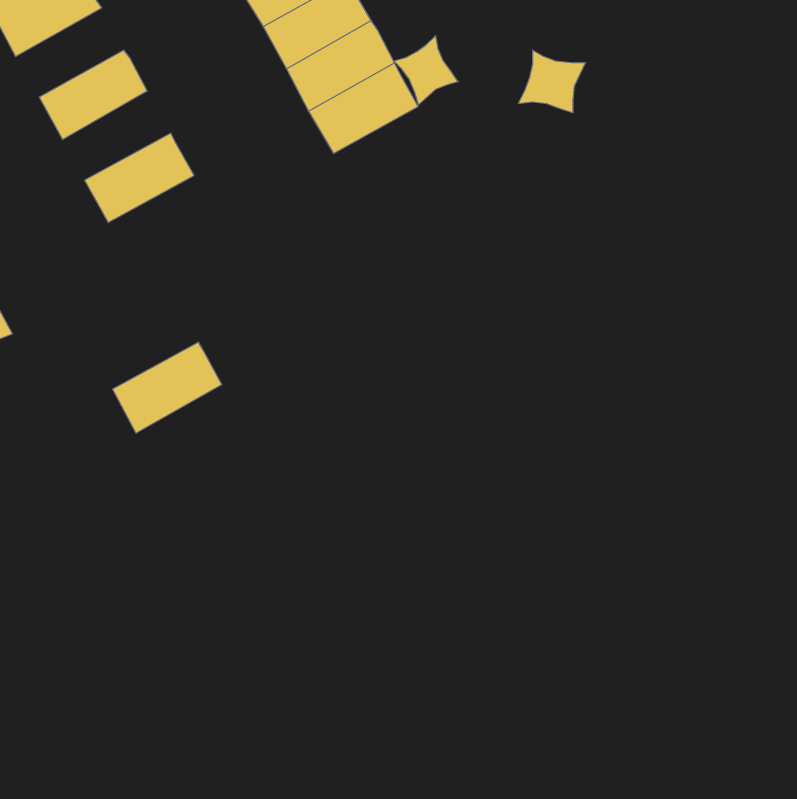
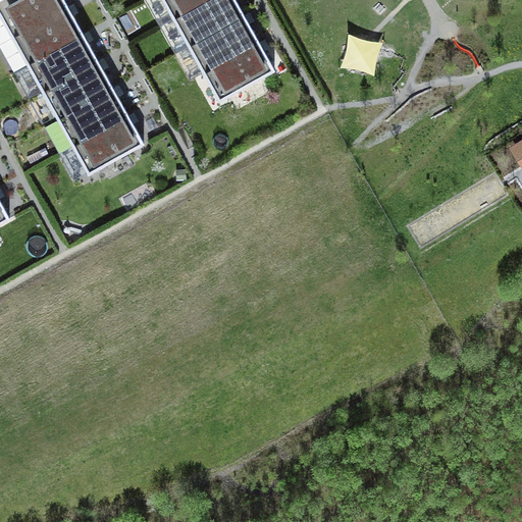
building: none -> [10,5,81,63]
building: [394,36,458,105] -> none
building: none -> [41,59,111,117]
building: [112,342,222,433] -> [70,114,142,173]

